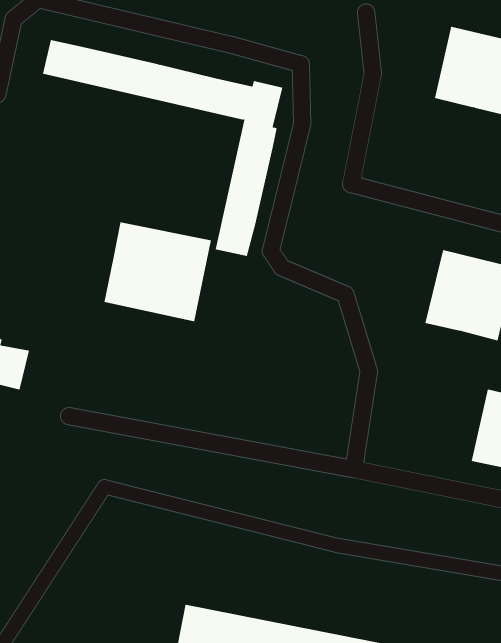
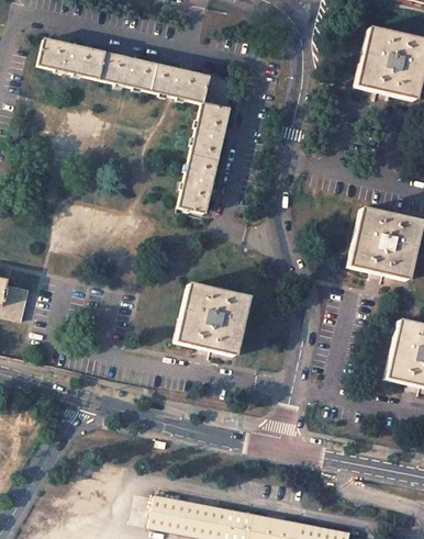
building: [104,222,212,322] -> none
building: none -> [177,283,249,356]

